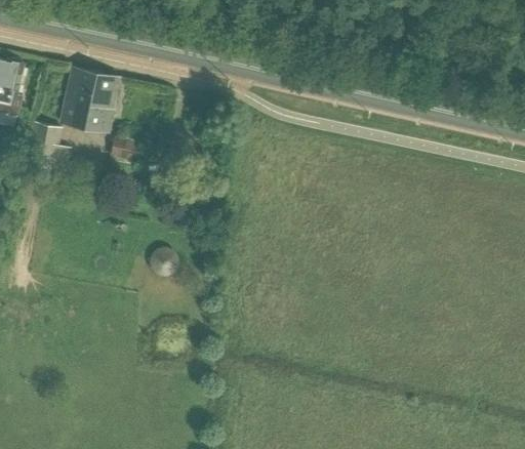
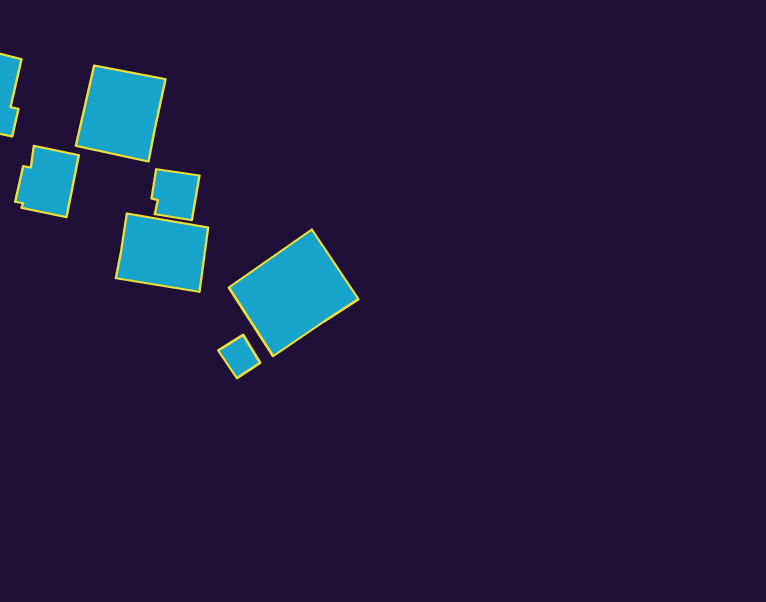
building: none -> [116,213,208,292]
building: none -> [229,230,359,356]

